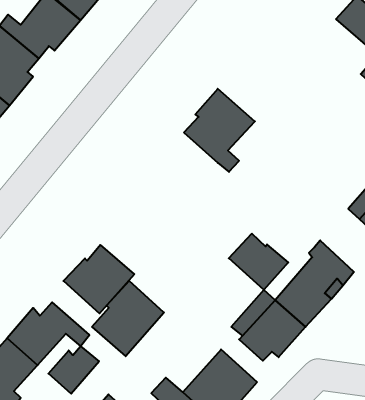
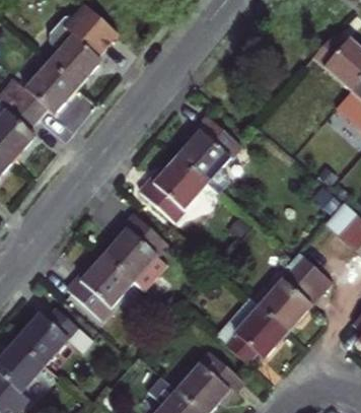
building: none -> [142,158,209,224]
building: [229,234,288,290] -> none
building: [92,281,164,356] -> [103,218,168,286]
building: [48,346,99,394] -> none

